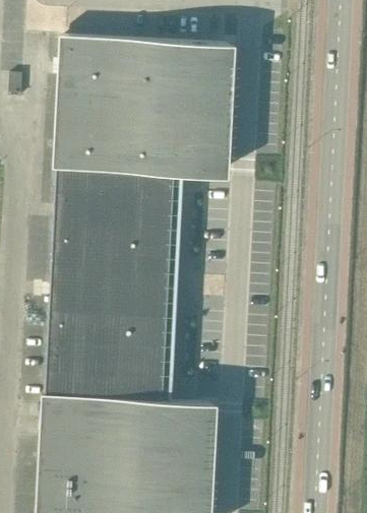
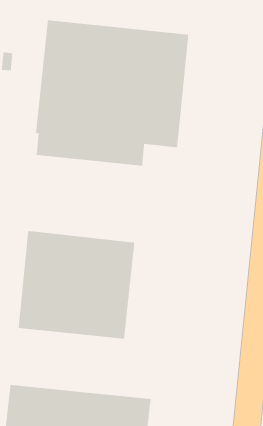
building: [52,195,182,290] -> none
building: [41,395,209,470] -> none

